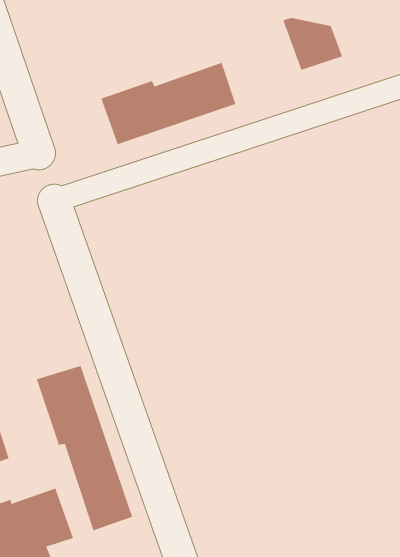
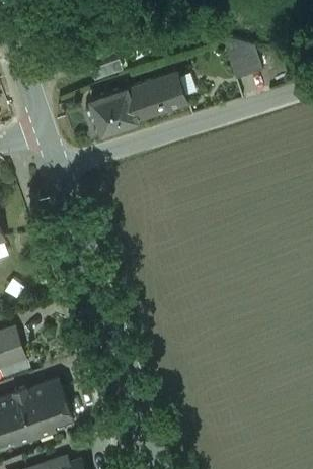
building: [36,365,133,531] -> none

